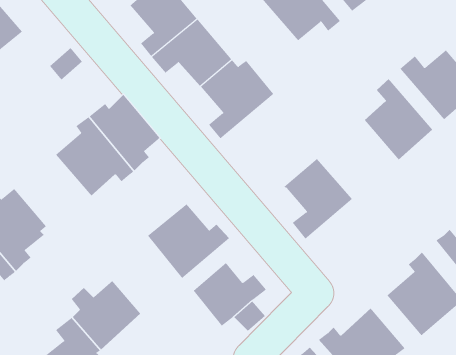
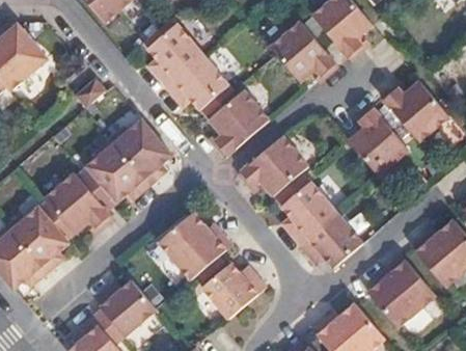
building: none -> [237,134,310,199]
building: none -> [44,169,112,234]
building: none -> [297,210,364,266]

